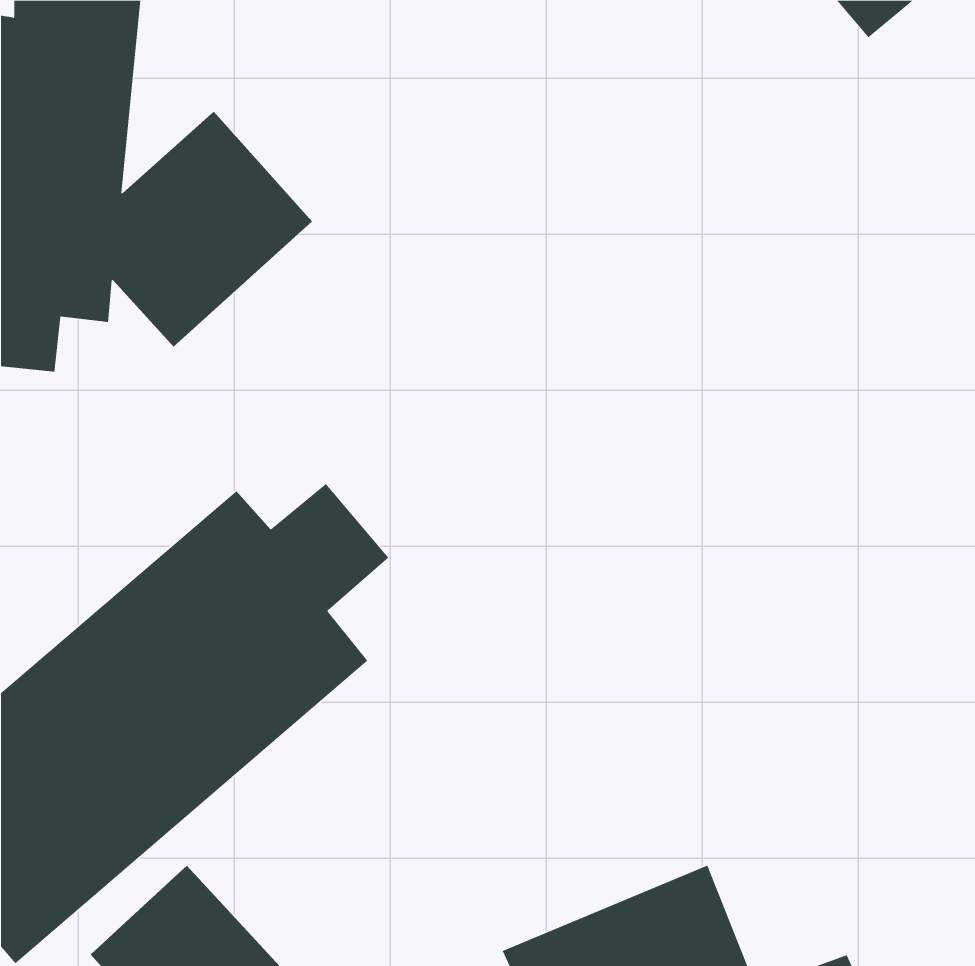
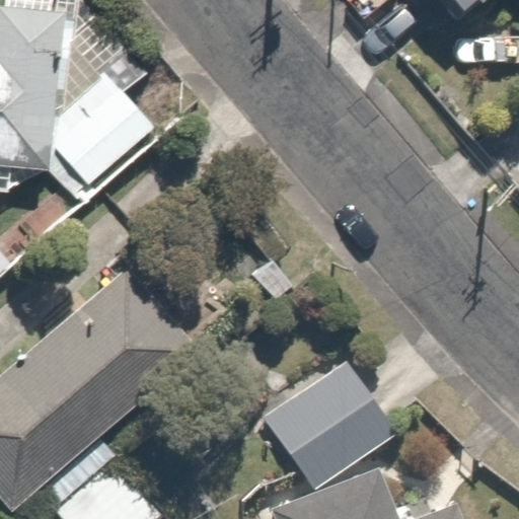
building: none -> [264,361,391,486]

